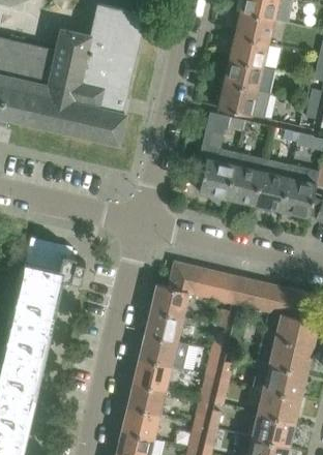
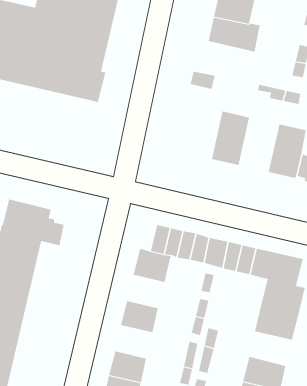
building: [217,85,269,119] -> none
building: [198,130,237,199] -> none
building: [254,158,292,211] -> none
building: [145,310,182,342] -> none
building: [134,359,171,391] -> none
building: [263,365,305,398] -> none

